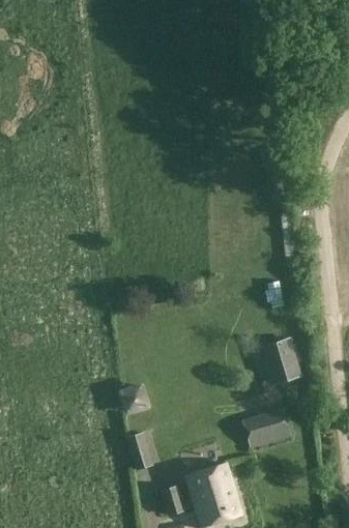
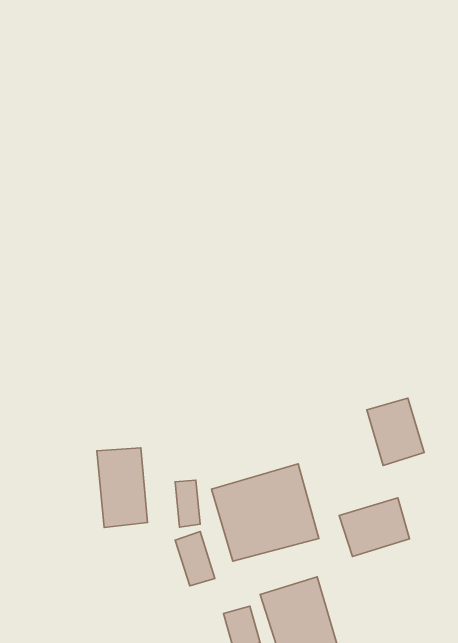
building: none -> [97,448,148,528]
building: none -> [212,464,319,561]

